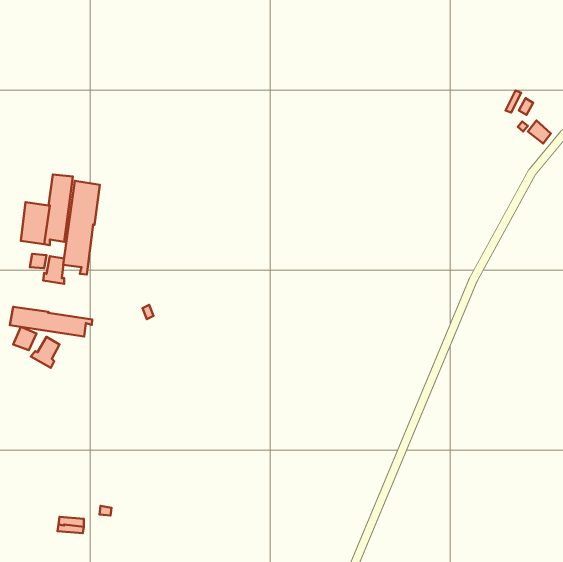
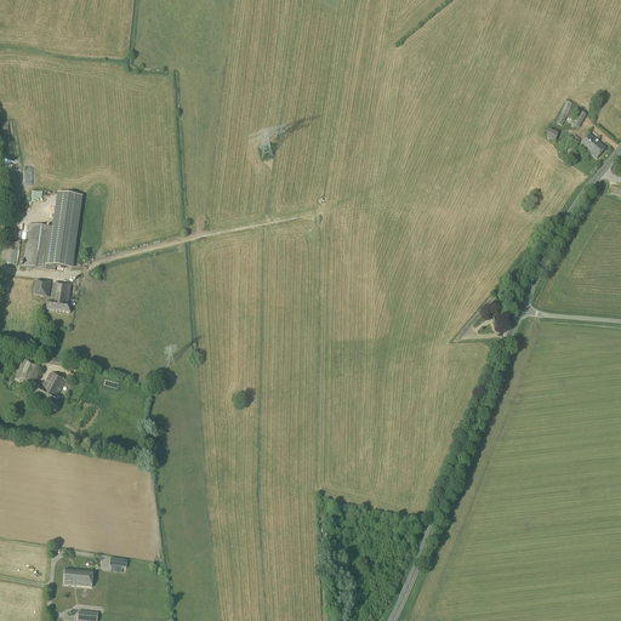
building: [63,181,100,274] -> none
building: [10,307,92,337] -> none

